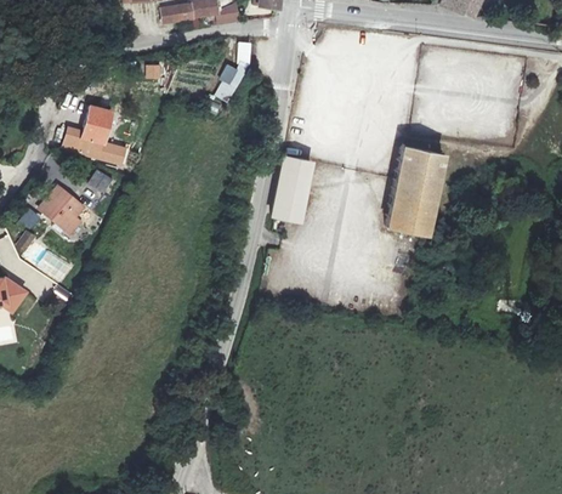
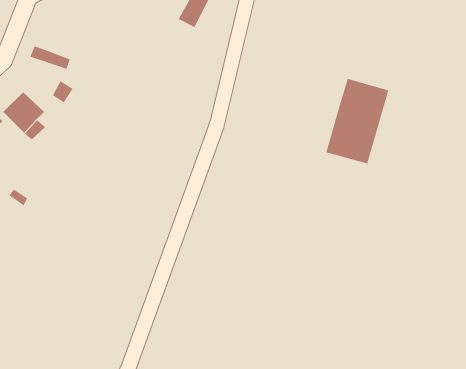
building: [84,104,118,143] -> none
building: [271,153,312,222] -> none

